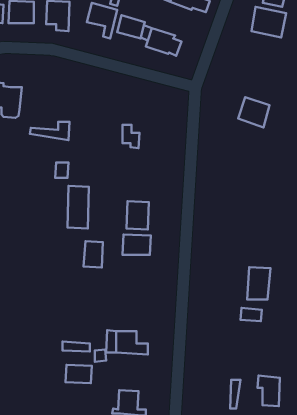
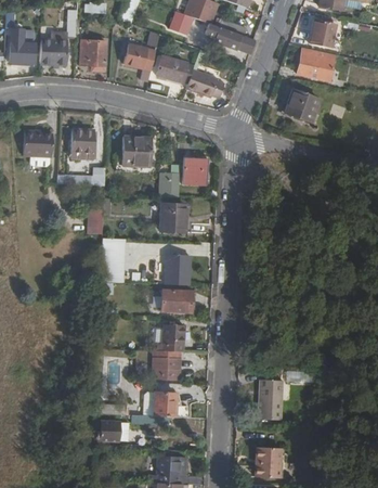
building: none -> [71,127,94,155]
building: none -> [116,136,151,171]
building: [238,97,270,128] -> [284,89,317,121]
building: none -> [181,156,207,181]
building: none -> [160,204,192,233]
building: [84,241,103,267] -> [161,322,182,350]
building: [247,267,270,300] -> [257,377,282,412]
building: none -> [155,356,182,377]
building: [257,376,280,406] -> [252,442,276,475]

